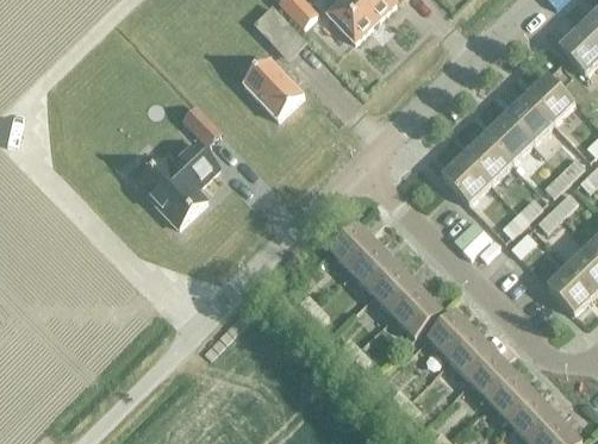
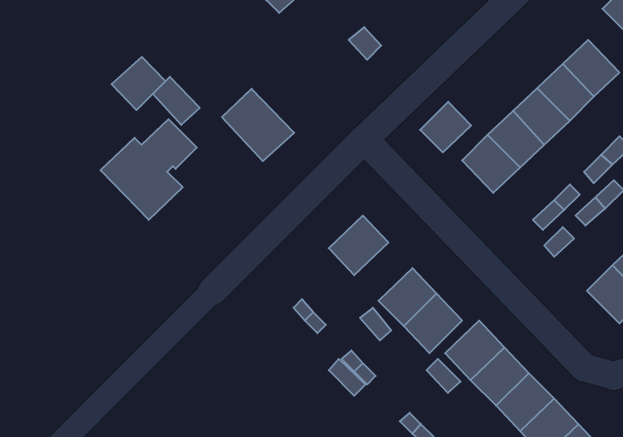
building: [243,56,304,117] -> [222,89,294,161]
building: none -> [112,57,165,110]
building: none -> [420,102,471,152]
building: [351,244,400,293] -> none

